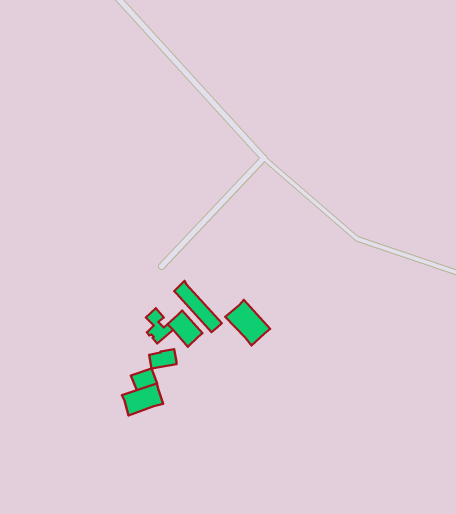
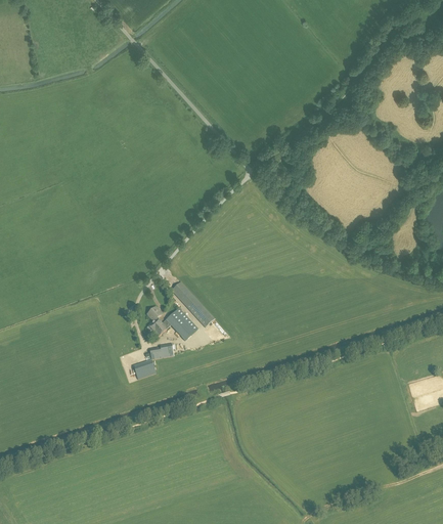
building: [225,300,270,346] -> none
building: [122,383,163,415] -> none

